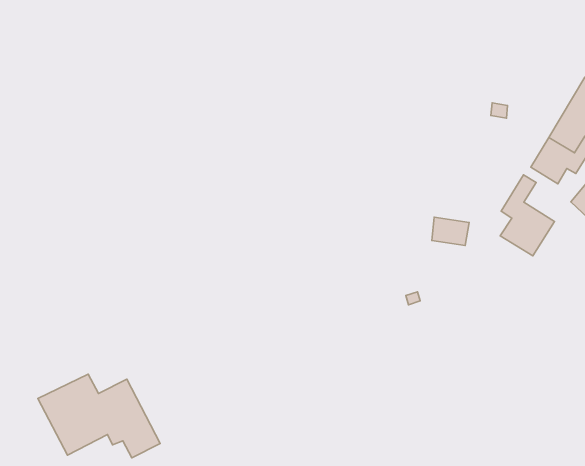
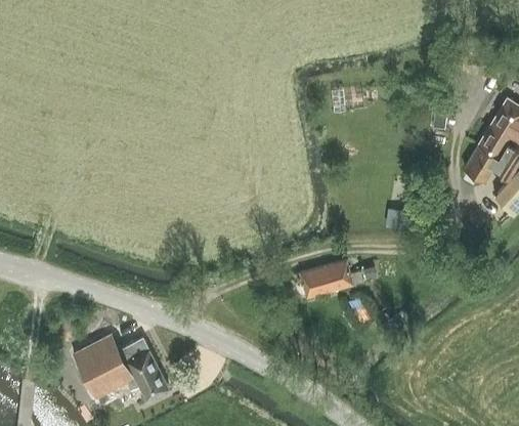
building: [500,175,555,256] -> none
building: none -> [300,261,363,299]

